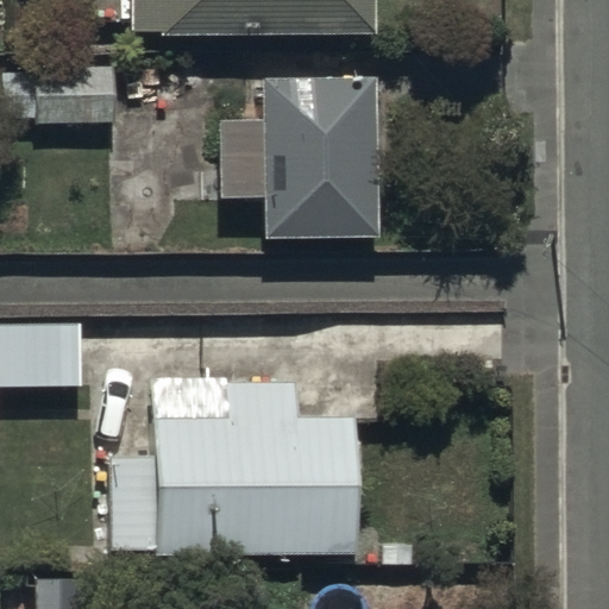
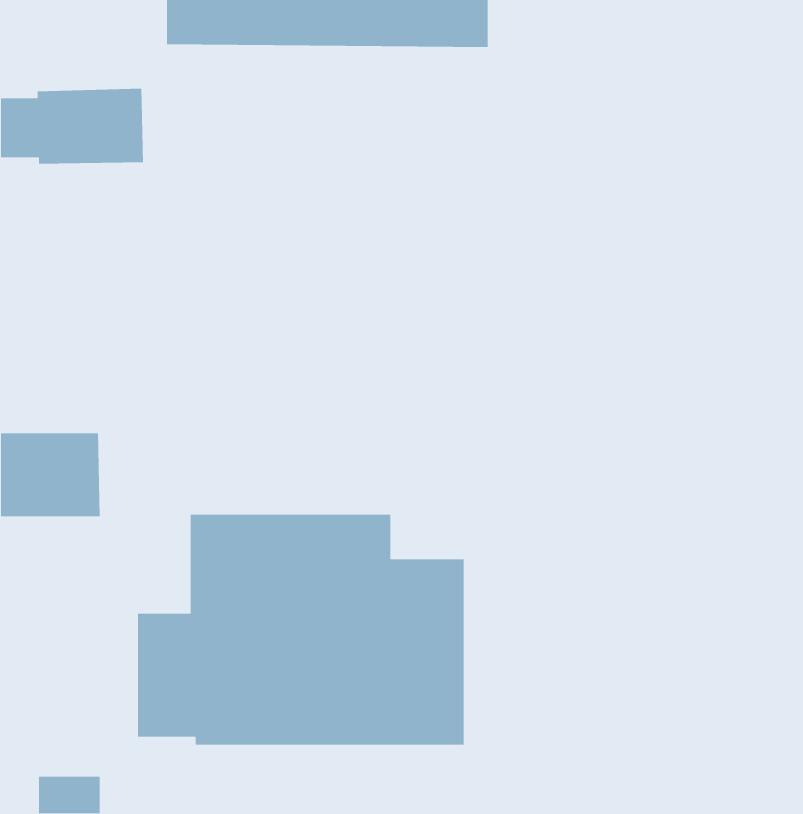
building: [180,80,376,243] -> none

